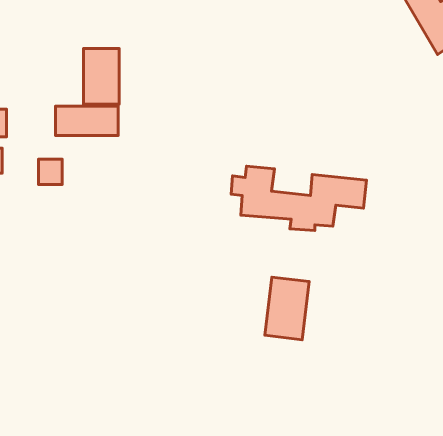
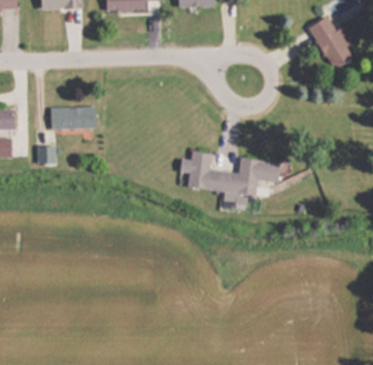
building: [84,48,119,104] -> none
building: [265,277,309,340] -> none

